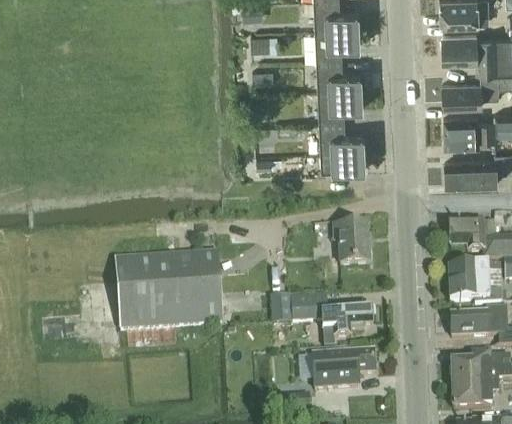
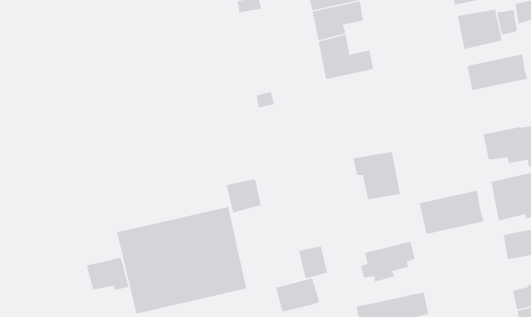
building: [320,150,365,169] -> none
building: none -> [226,178,262,213]
building: none -> [419,190,484,235]
building: none -> [86,257,130,291]
building: [292,295,329,321] -> [275,277,320,312]

